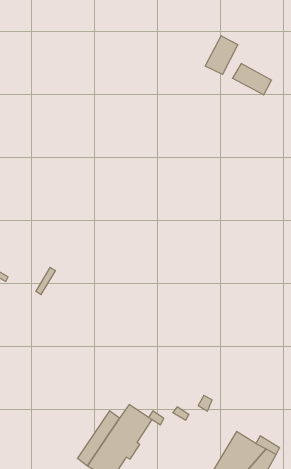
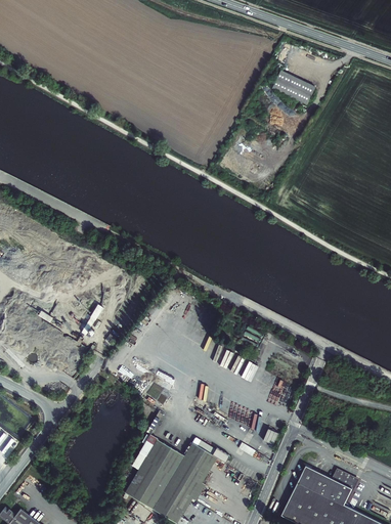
building: [205,36,238,74] -> none
building: none -> [122,443,169,506]

